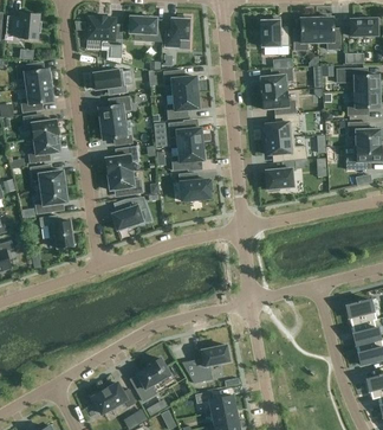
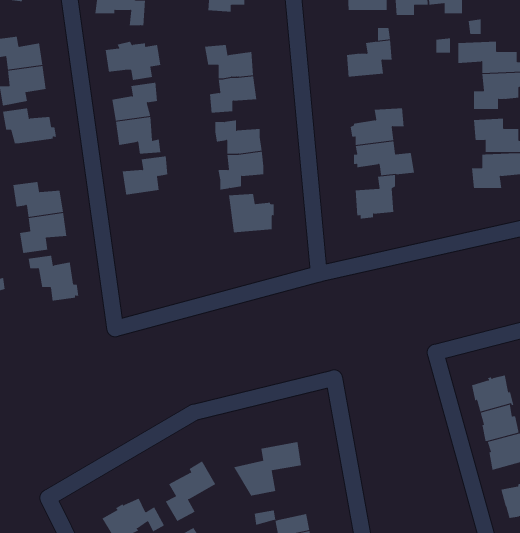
building: [261,90,296,115] -> none
building: [27,135,60,162] -> none
building: [108,171,142,195] -> none
building: [112,204,144,230] -> none

